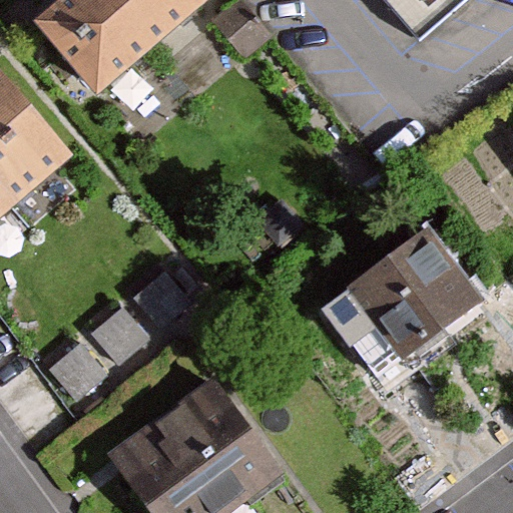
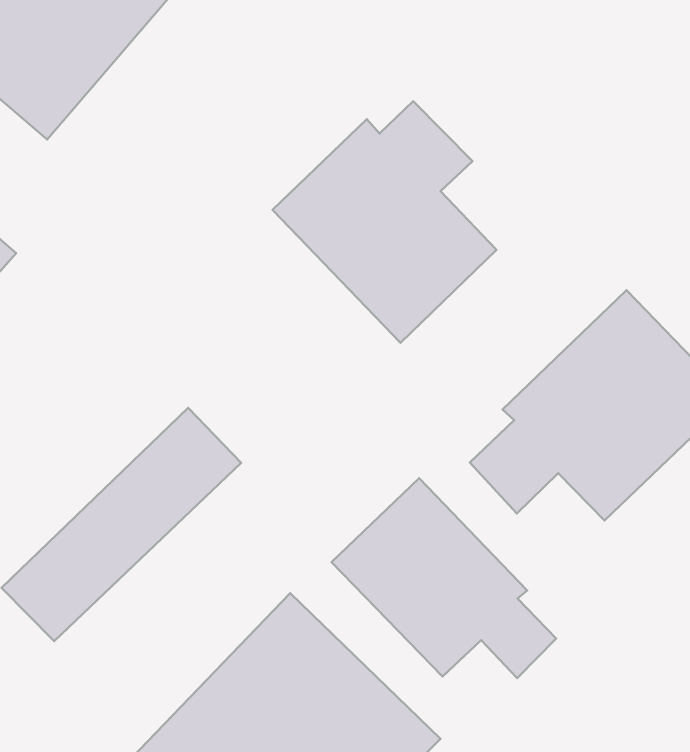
building: none -> [273,101,496,343]
building: none -> [331,478,556,678]

